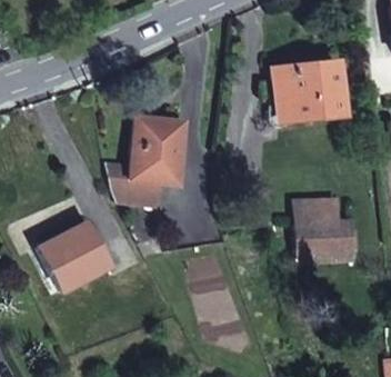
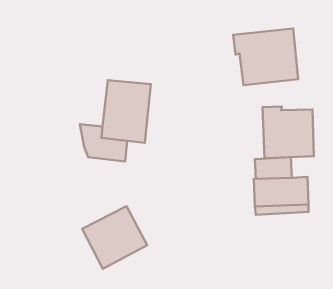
building: none -> [263,107,314,158]
building: [38,222,108,290] -> [82,206,147,269]

